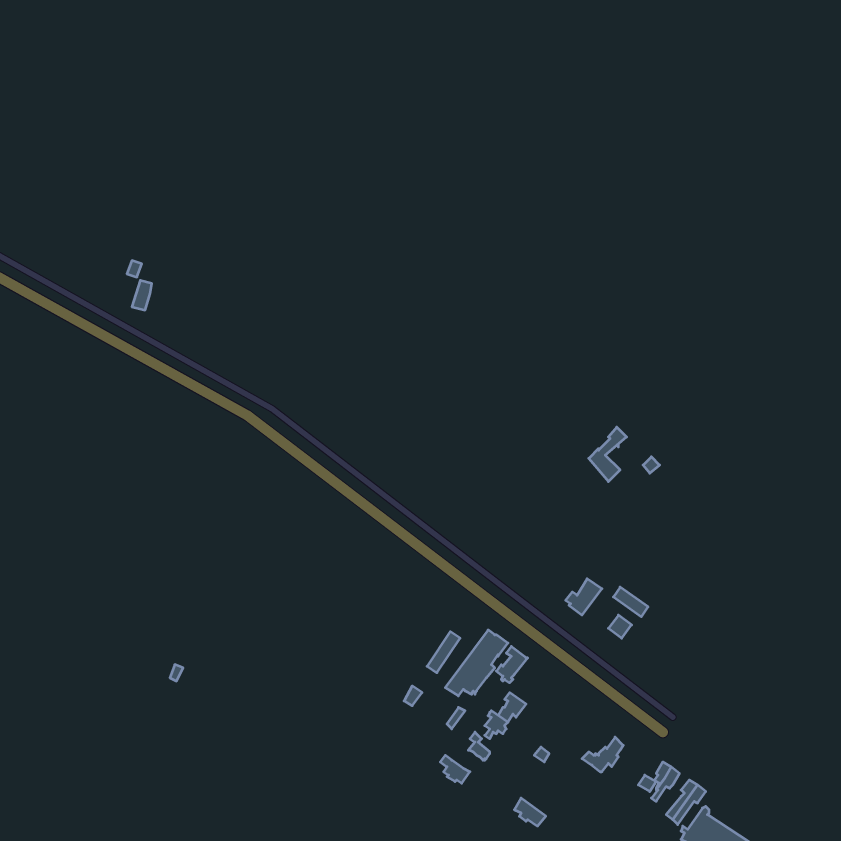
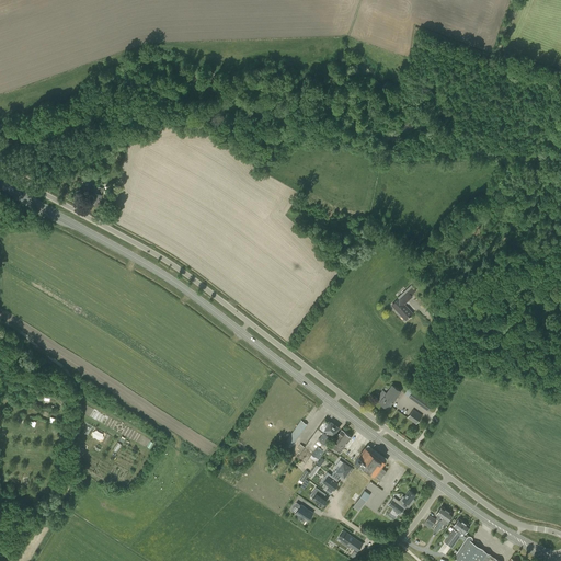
building: none -> [354,448,386,478]

